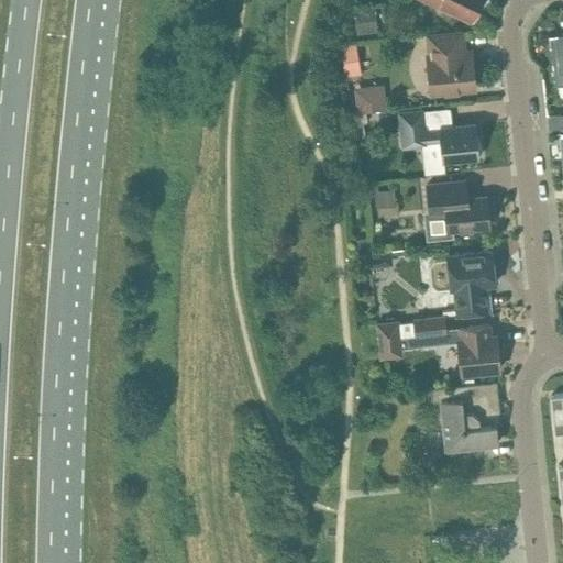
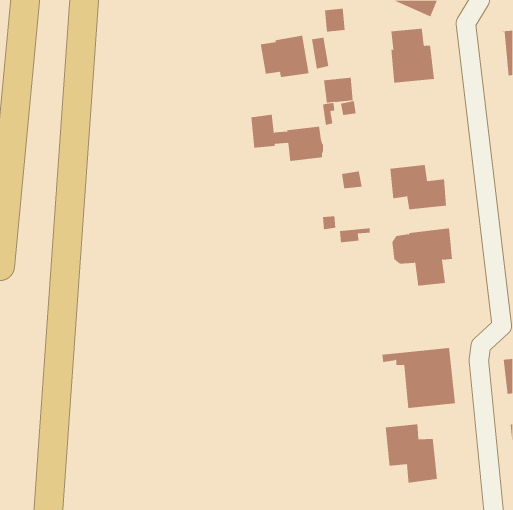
building: none -> [260,35,309,78]
building: [400,112,481,164] -> [250,114,324,161]
building: [376,318,500,376] -> none
building: none -> [385,423,438,484]

